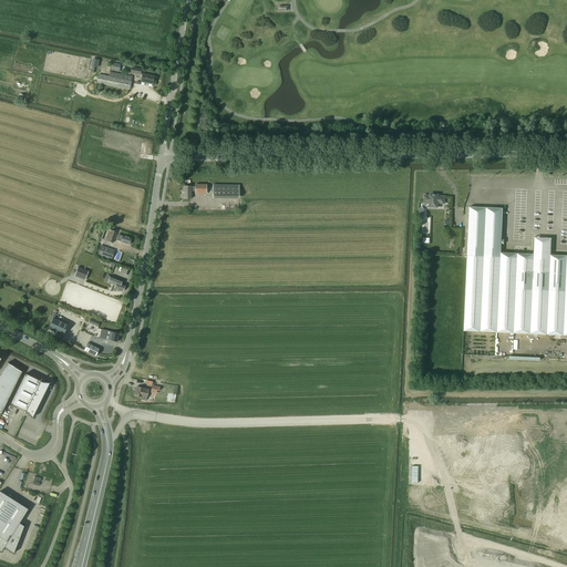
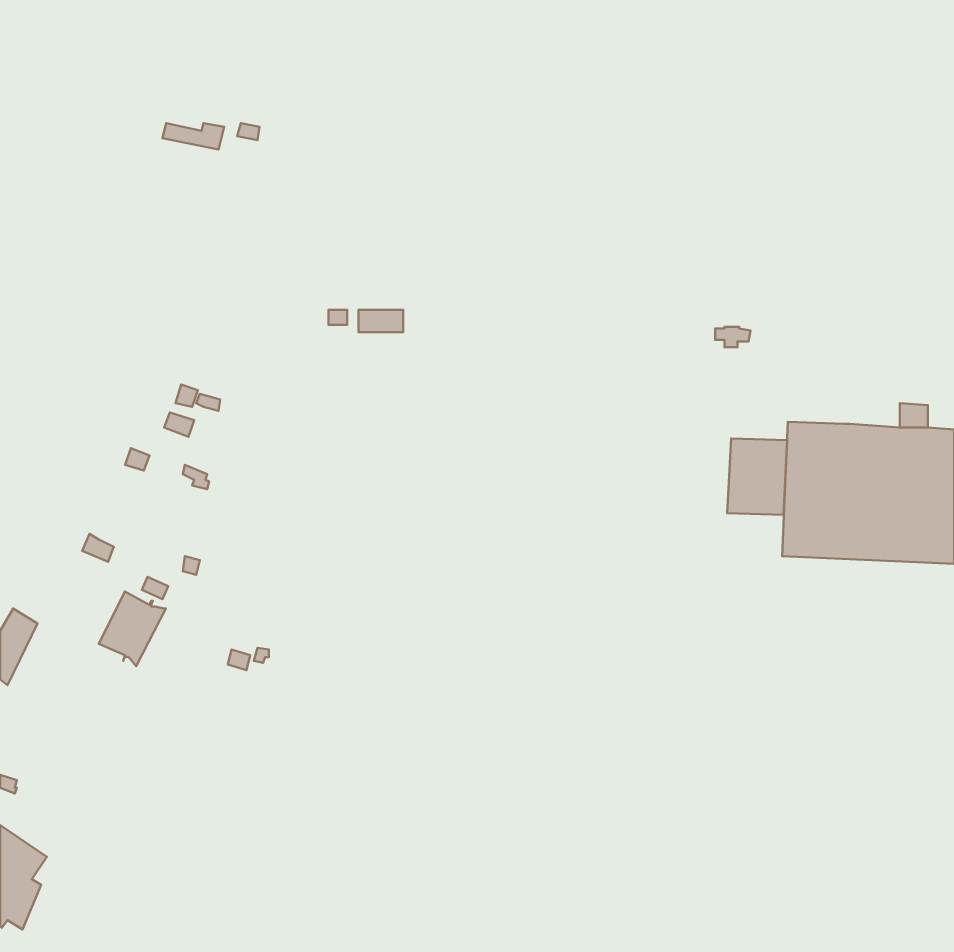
building: [467,206,503,251] -> [727,438,787,515]
building: [10,372,50,416] -> [99,592,166,666]

